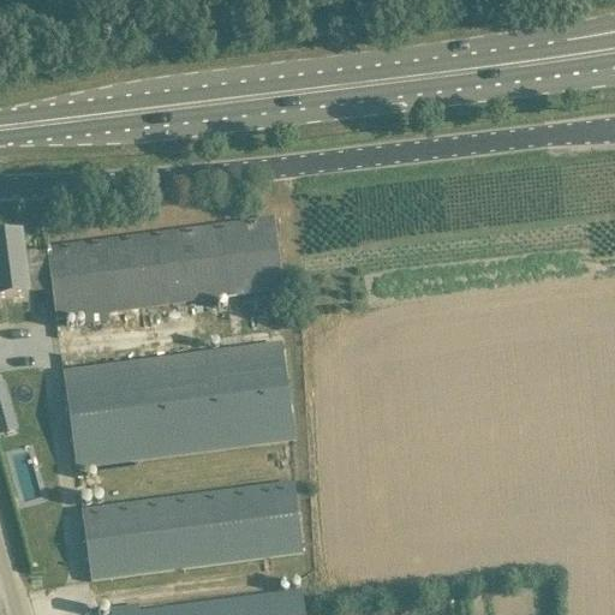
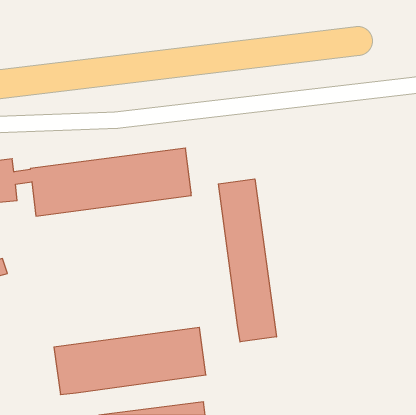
building: none -> [218,179,276,342]
building: [60,341,293,467] -> none

